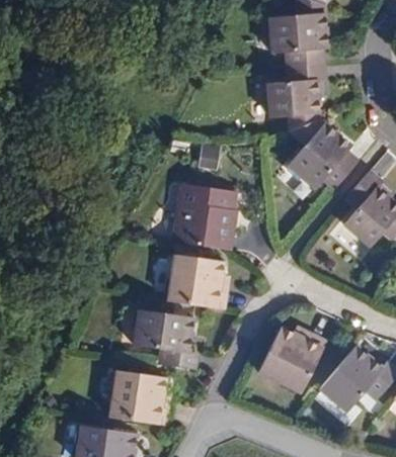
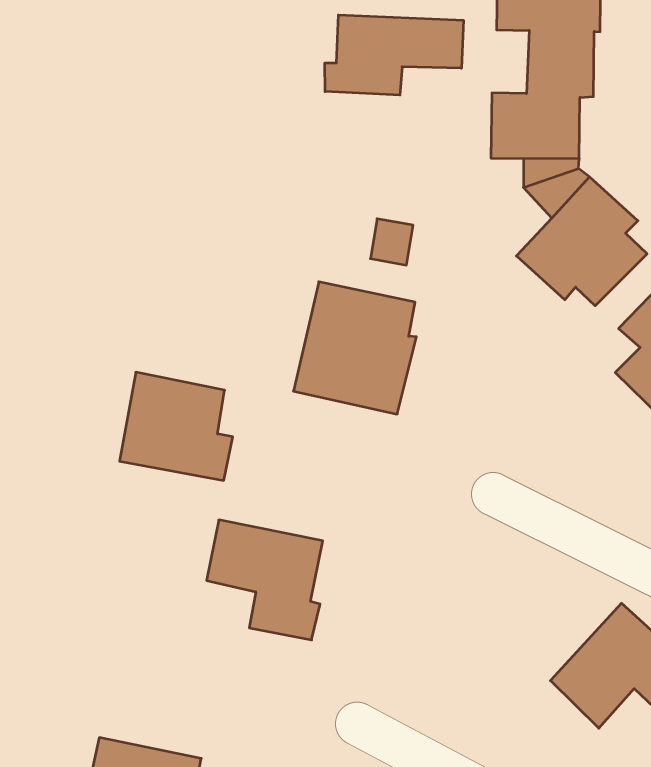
building: none -> [325,15,463,95]
building: [167,256,226,309] -> [120,372,233,480]
building: [261,328,324,388] -> none
building: [113,377,171,428] -> none

